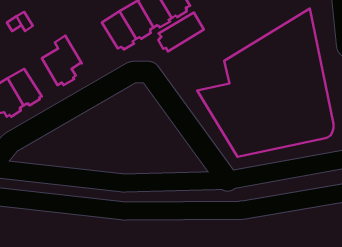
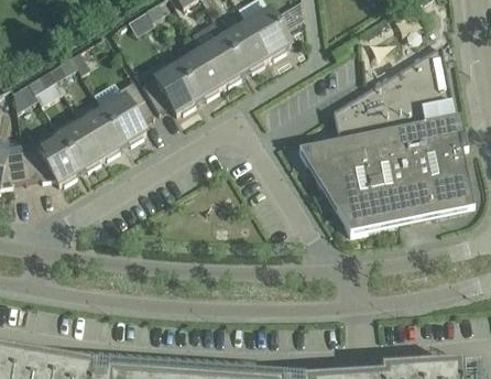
building: [158,13,204,51] -> none
building: none -> [142,65,198,113]
building: none -> [80,110,122,159]

